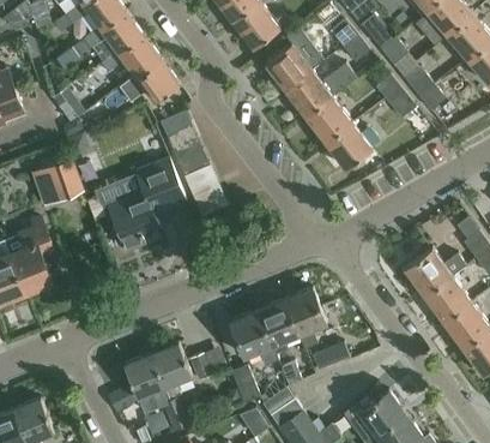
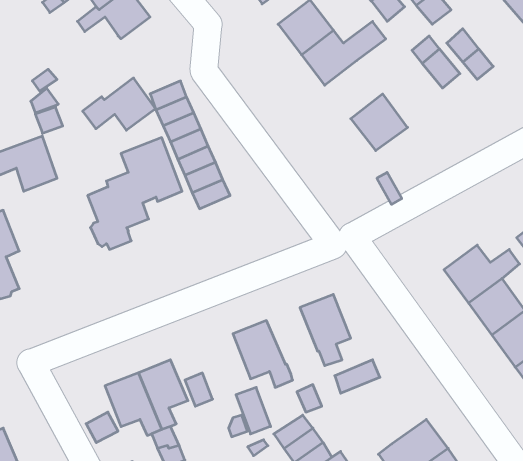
building: [119,59,179,102] -> [83,78,155,130]
building: [304,95,352,143] -> none
building: [256,299,298,354] -> none

